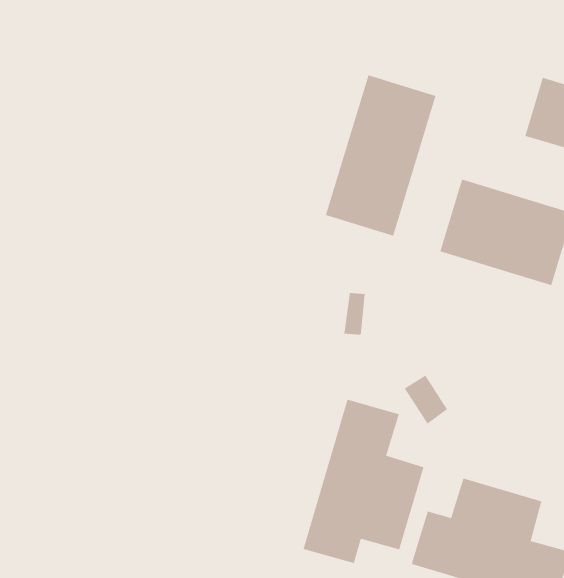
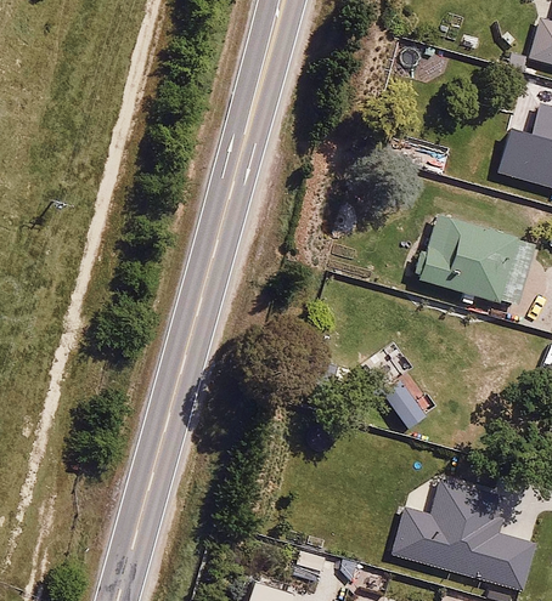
building: [325,75,436,236] -> none
building: [303,399,424,564] -> none

